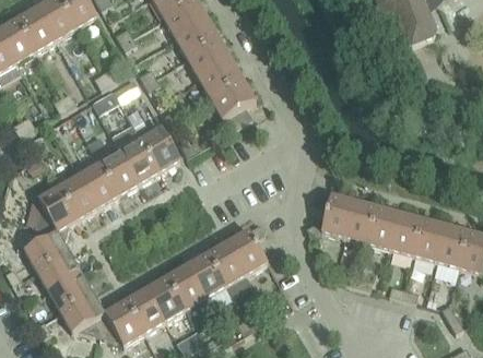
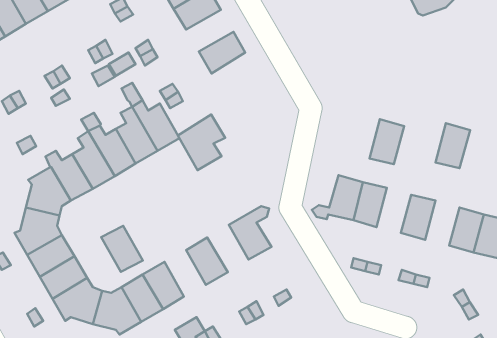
building: [187,38,232,77] -> none
building: [211,79,256,131] -> [178,115,225,170]
building: [367,206,400,249] -> [369,119,404,164]
building: [413,218,446,261] -> [435,123,470,168]
building: [207,241,246,286] -> none
building: [166,265,205,309] -> [101,226,143,272]

